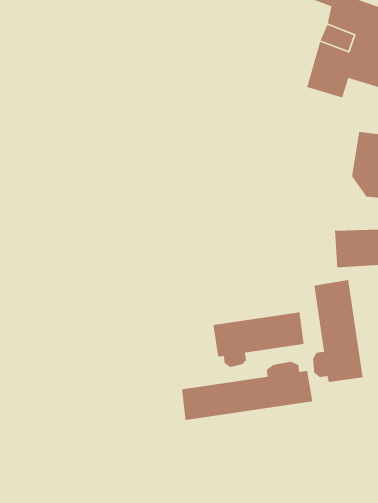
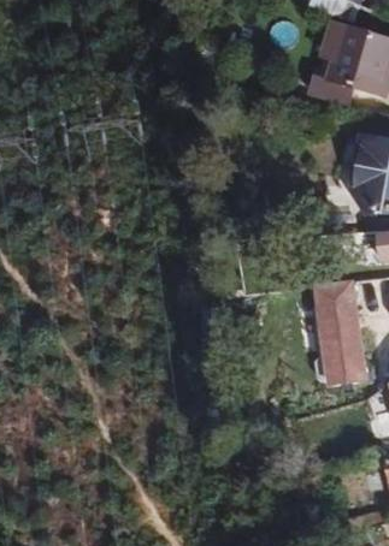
building: [212,311,304,368] -> none
building: [181,361,313,421] -> none

